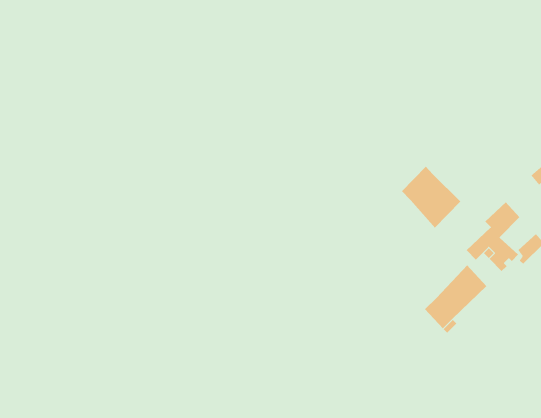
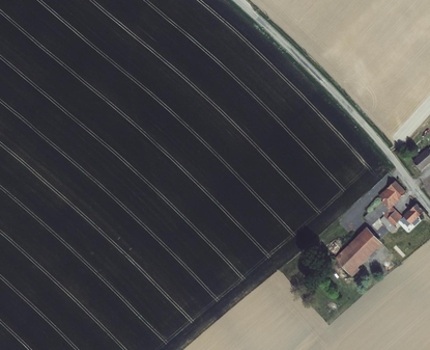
building: [401,166,461,229] -> none

